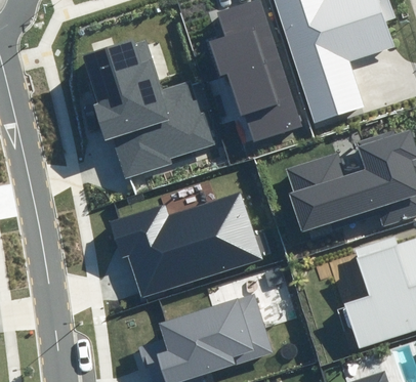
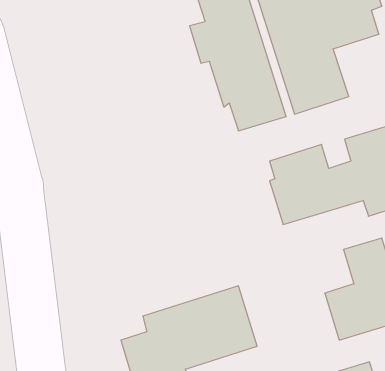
building: [78,34,213,177] -> none
building: [108,192,264,298] -> none

